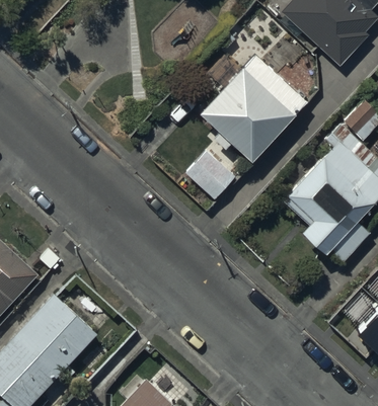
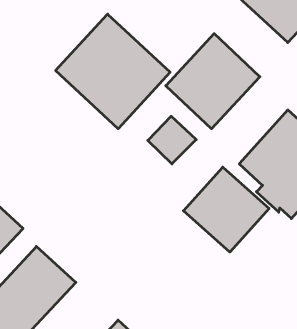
building: none -> [56,14,170,129]
building: none -> [183,167,269,252]

